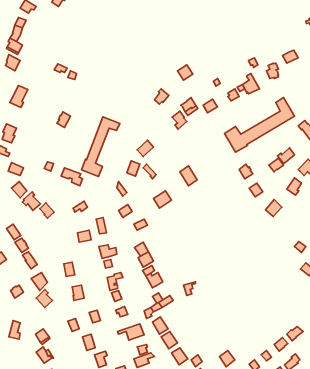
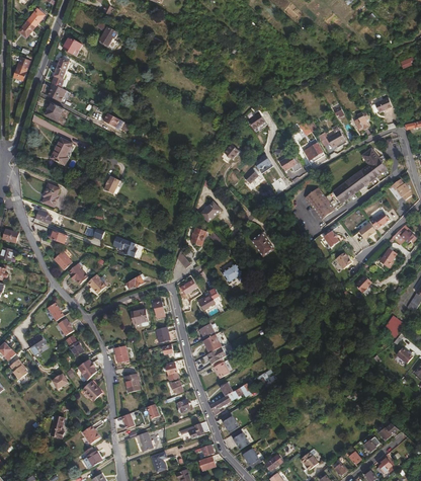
building: [82,117,120,176] -> none

